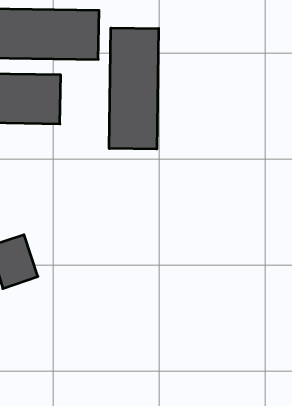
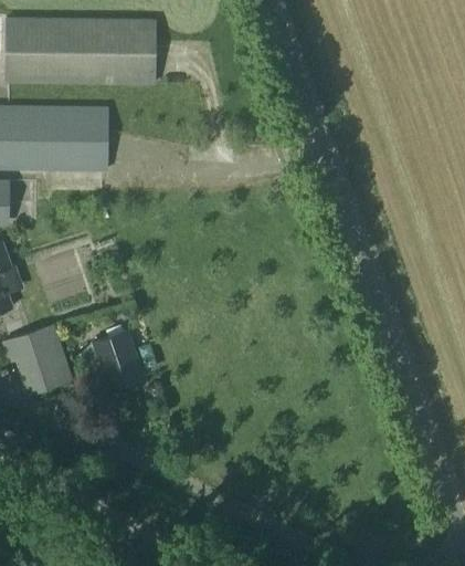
building: [109,28,159,149] -> none
building: none -> [93,329,142,388]

